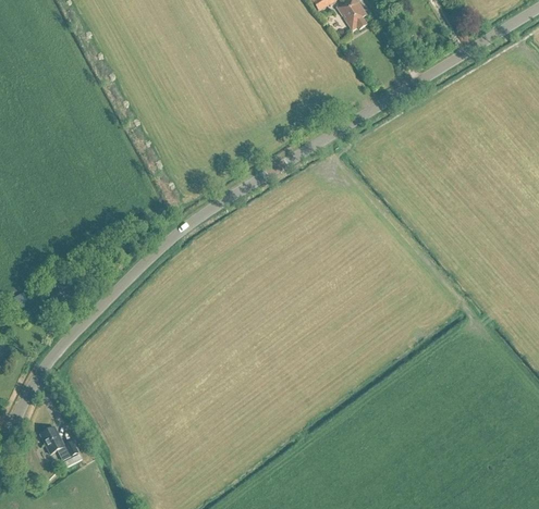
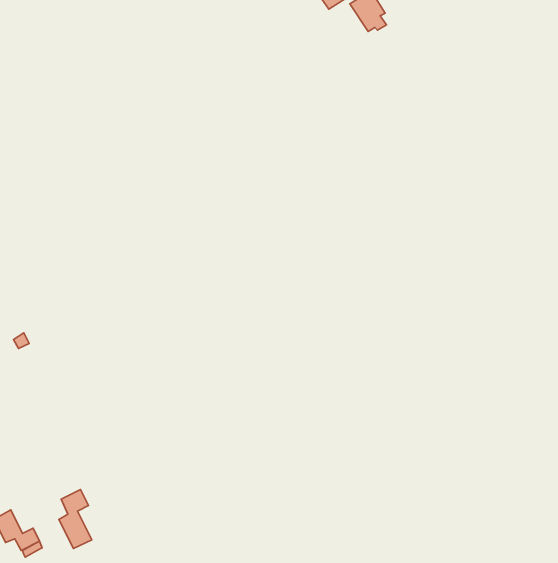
building: none -> [59,490,92,548]

